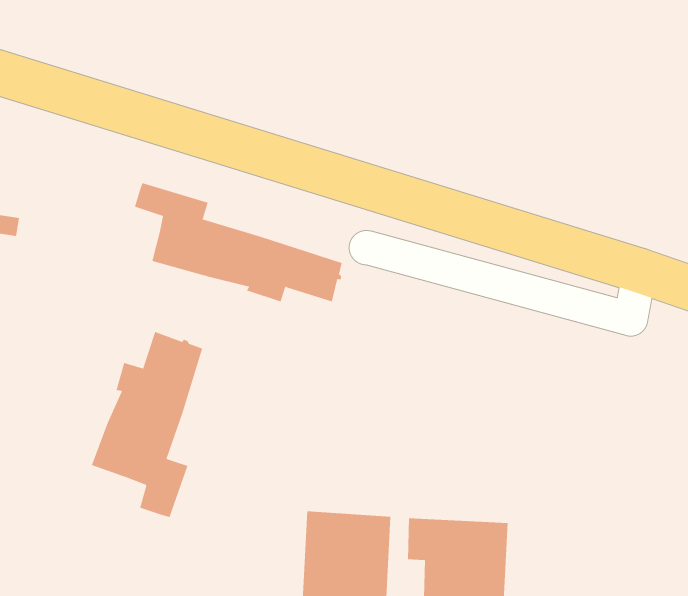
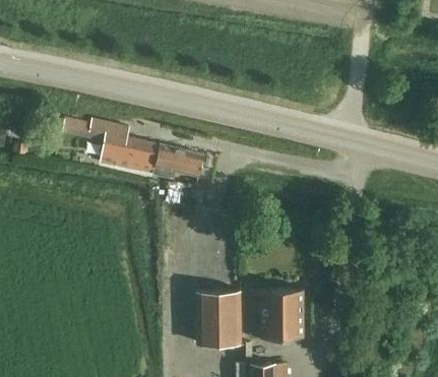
building: [91,331,203,518] -> none

